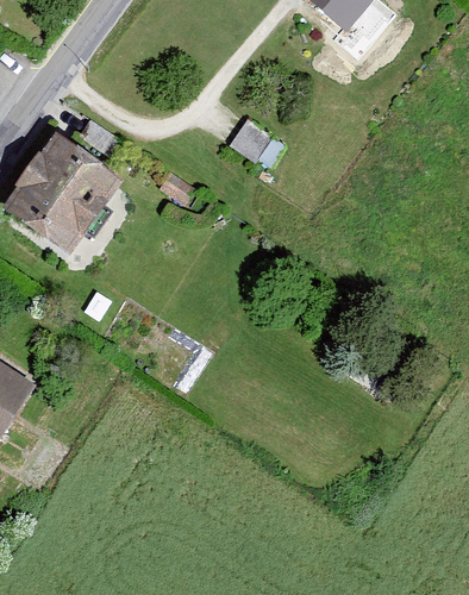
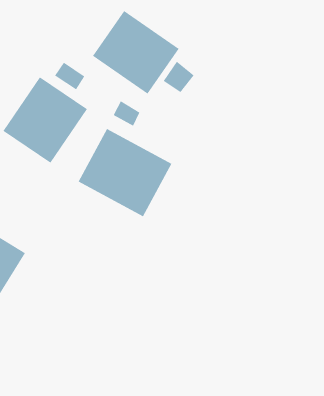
building: none -> [92,10,179,95]
building: none -> [78,128,172,217]

